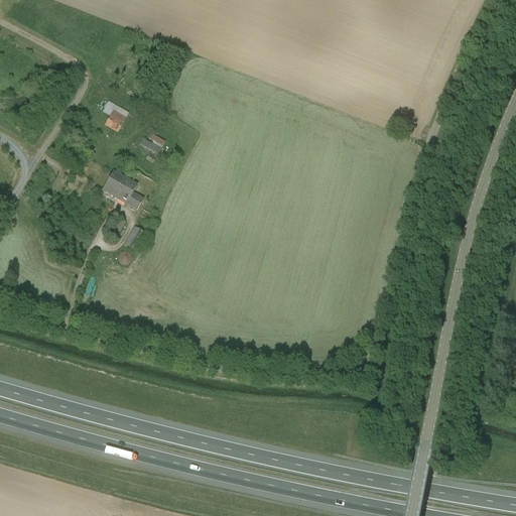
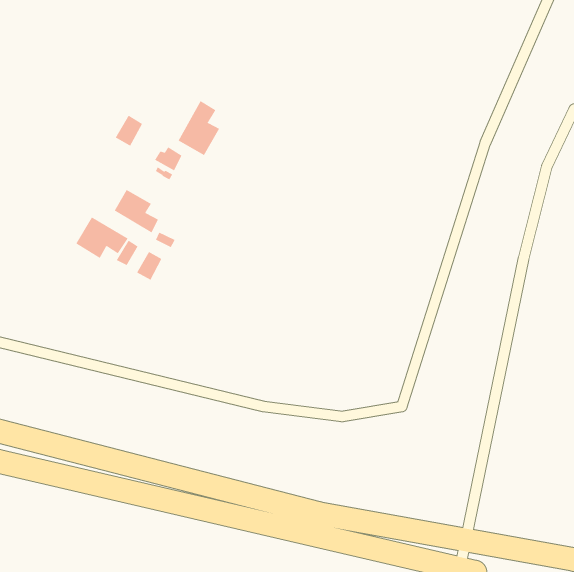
building: none -> [178,100,220,156]
building: none -> [75,216,129,259]

